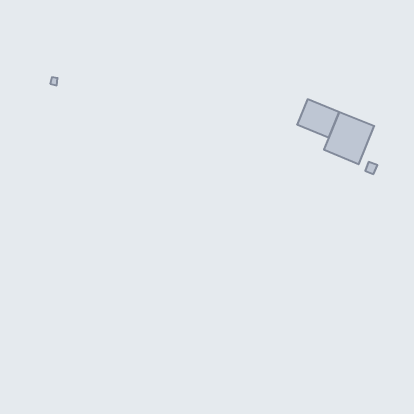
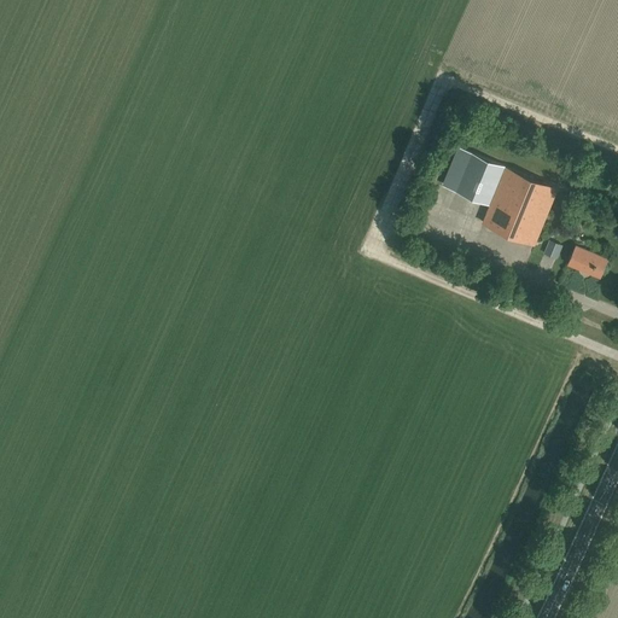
building: none -> [566,247,607,279]

